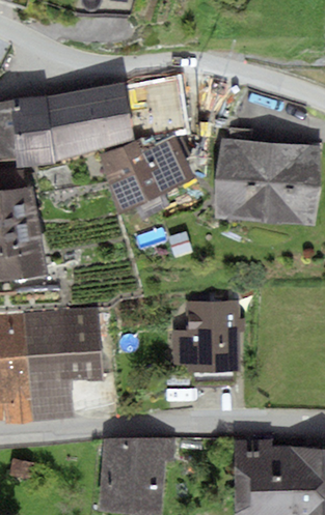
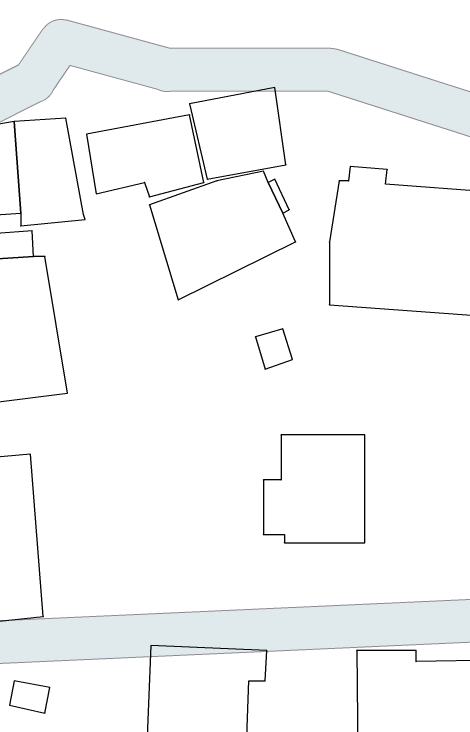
building: [46,83,126,160] -> none
building: [23,308,102,419] -> none

